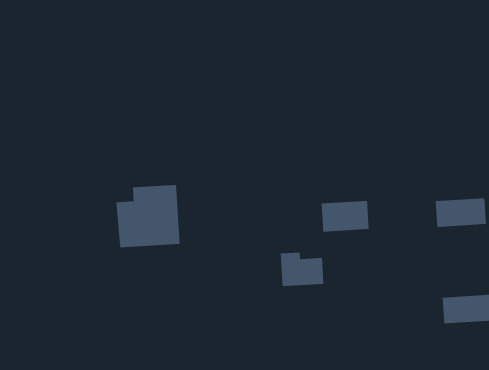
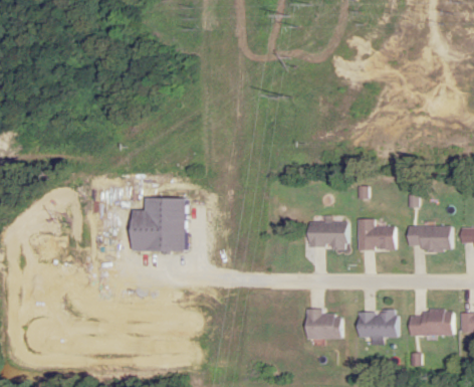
building: none -> [359,219,396,249]
building: [280,252,324,287] -> [305,308,342,337]
building: none -> [358,310,399,337]

